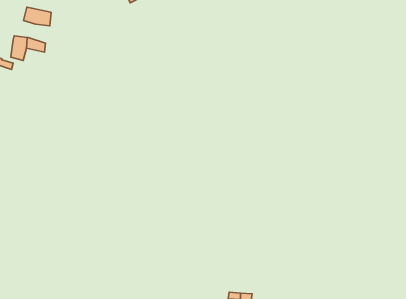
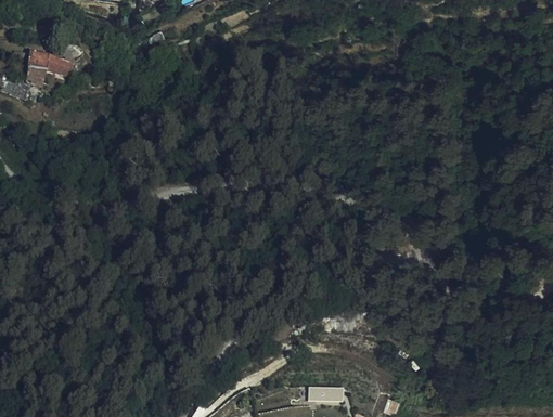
building: [24,7,51,26] -> none

